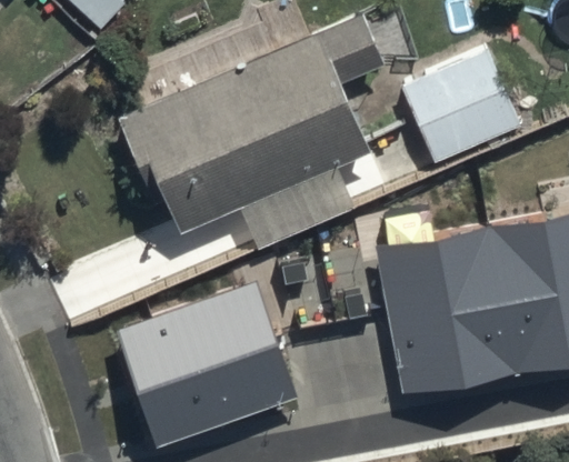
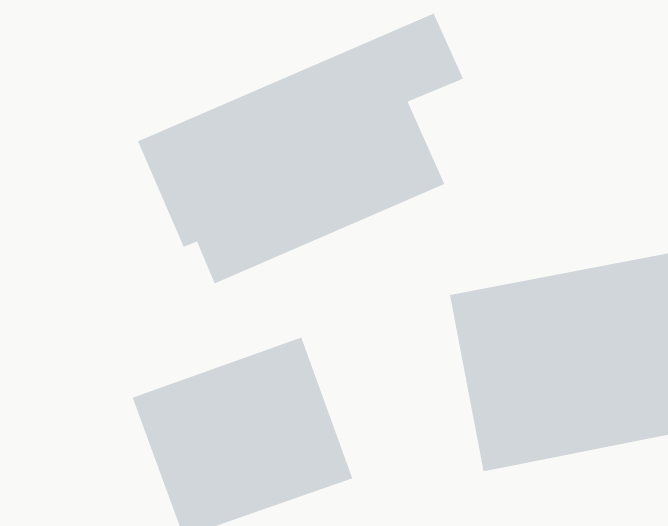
building: [395,40,548,160] -> none

